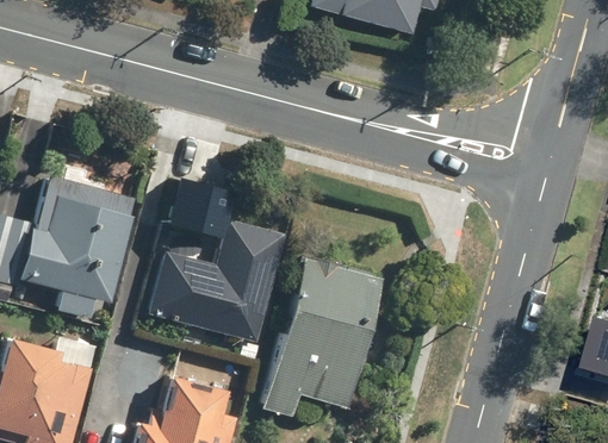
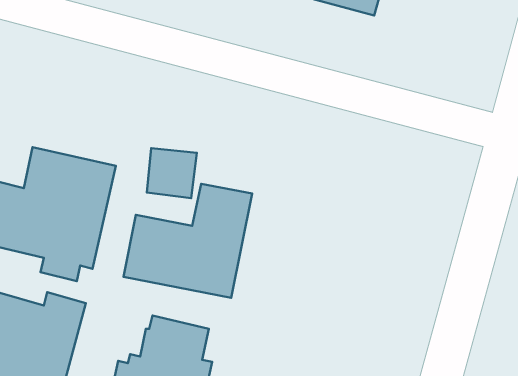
building: [263,252,386,416] -> none

